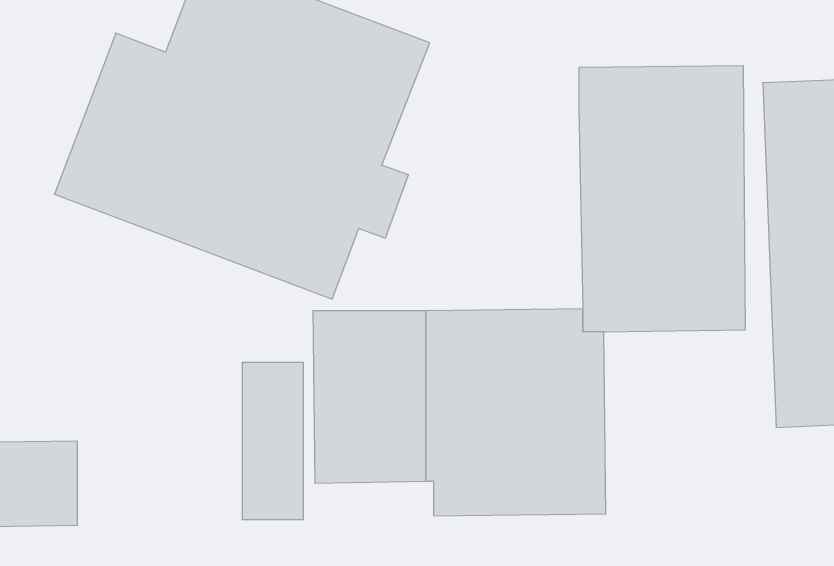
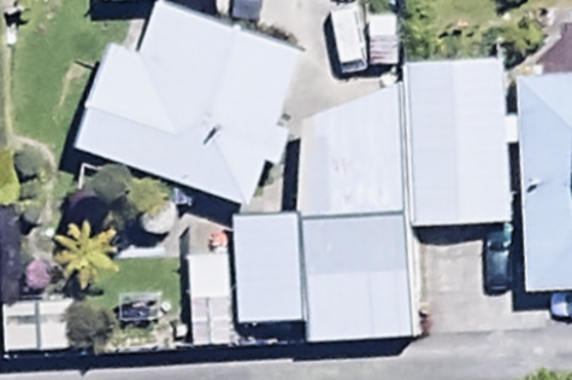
building: none -> [302,87,402,215]

